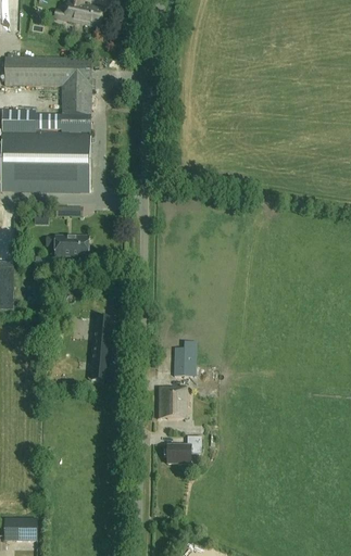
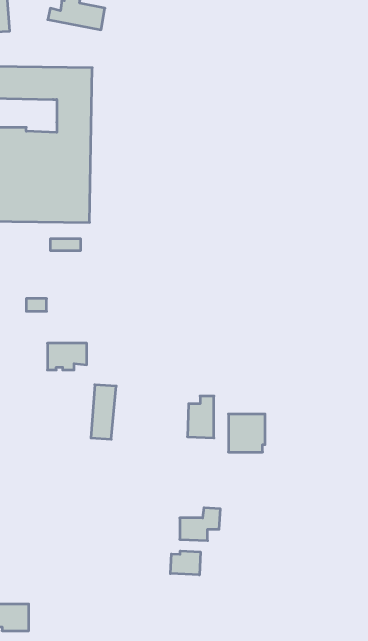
building: [57,236,90,258] -> [47,343,87,370]
building: [158,386,189,418] -> [228,414,265,452]
building: none -> [170,551,200,575]

